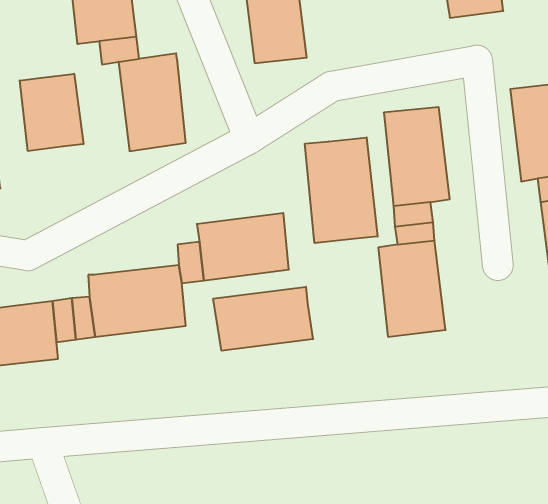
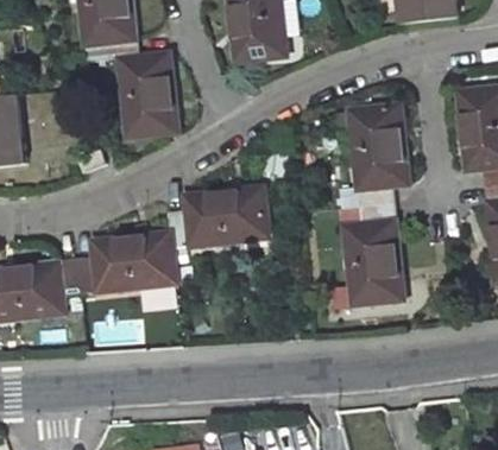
building: [20,74,83,151] -> none
building: [305,137,378,243] -> none
building: [213,287,313,351] -> none

